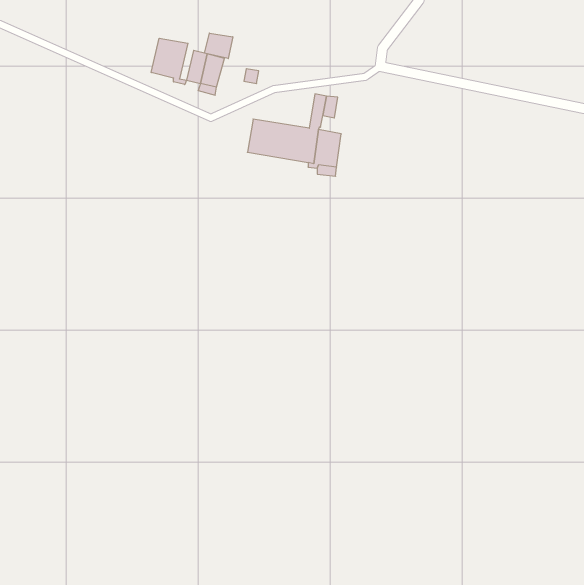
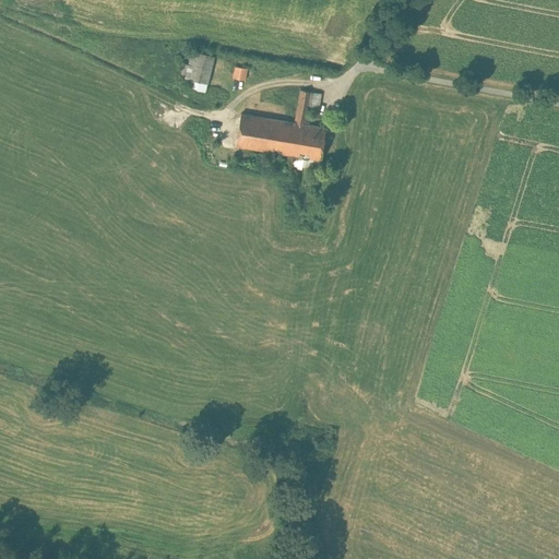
building: [205,33,233,59] -> none
building: [151,38,188,85] -> none

